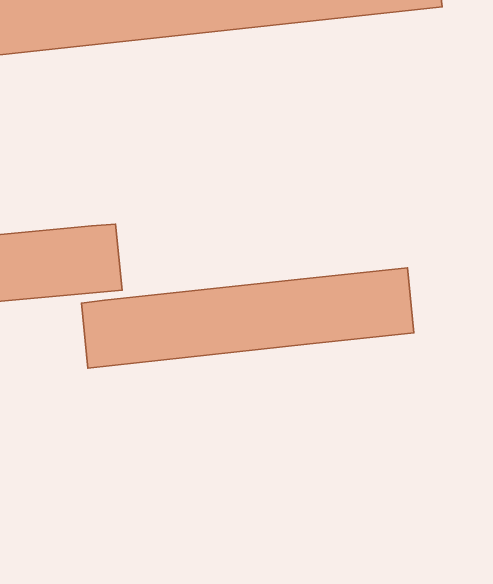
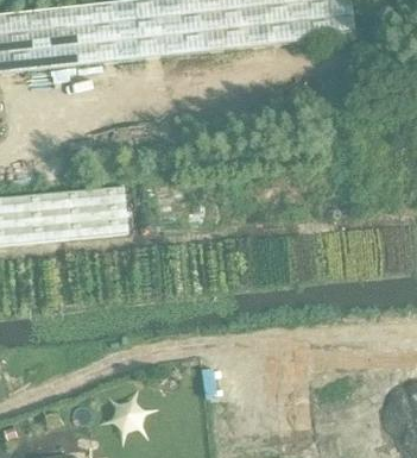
building: [82,268,414,368] -> none

